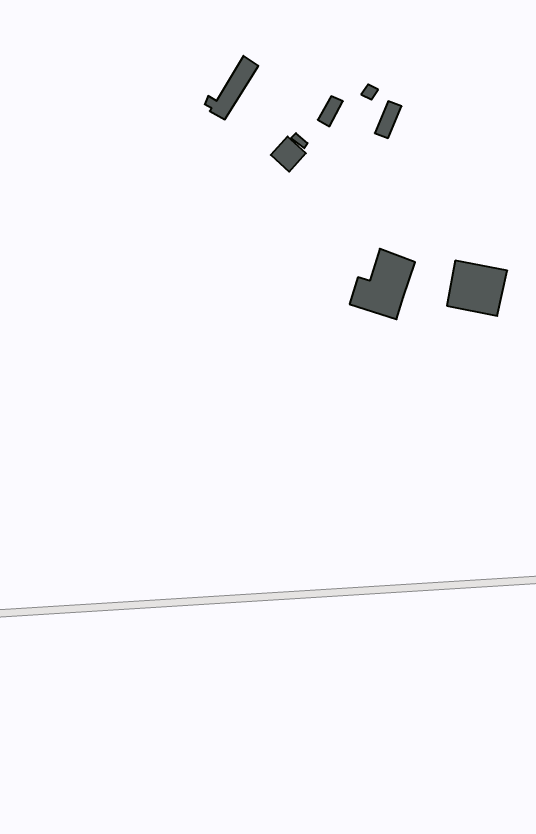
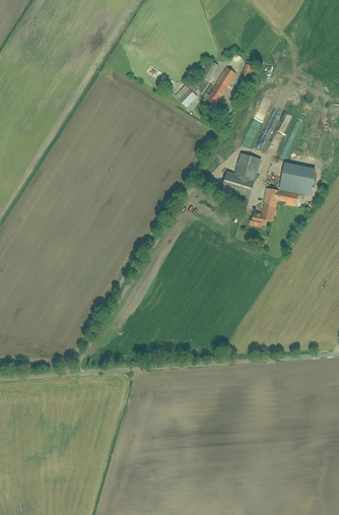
building: [205,56,258,119] -> [202,67,234,106]
building: none -> [249,188,295,227]

